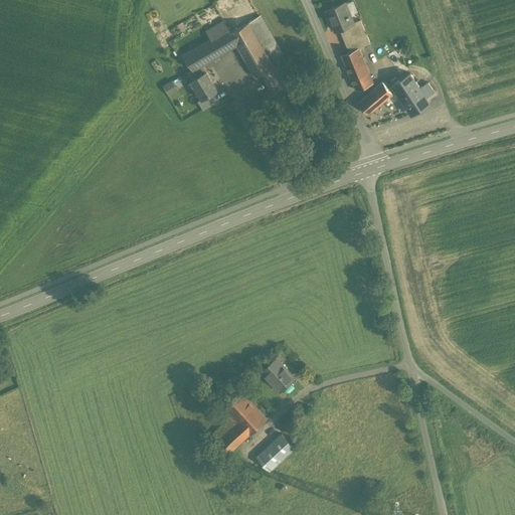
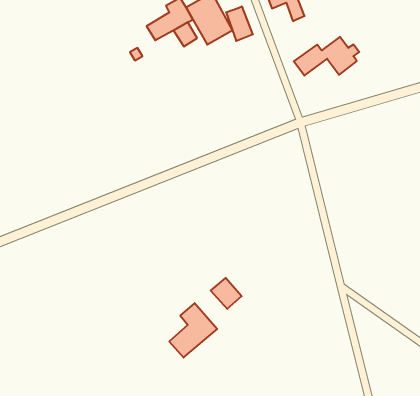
building: [342,48,374,90] -> [226,7,253,41]
building: [189,72,217,102] -> [174,22,197,46]
building: [254,435,294,473] -> none

